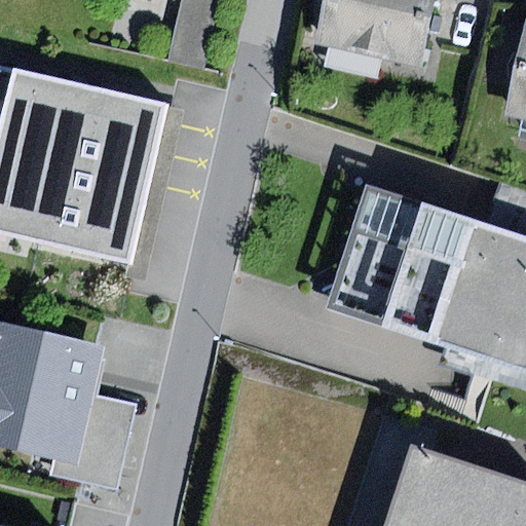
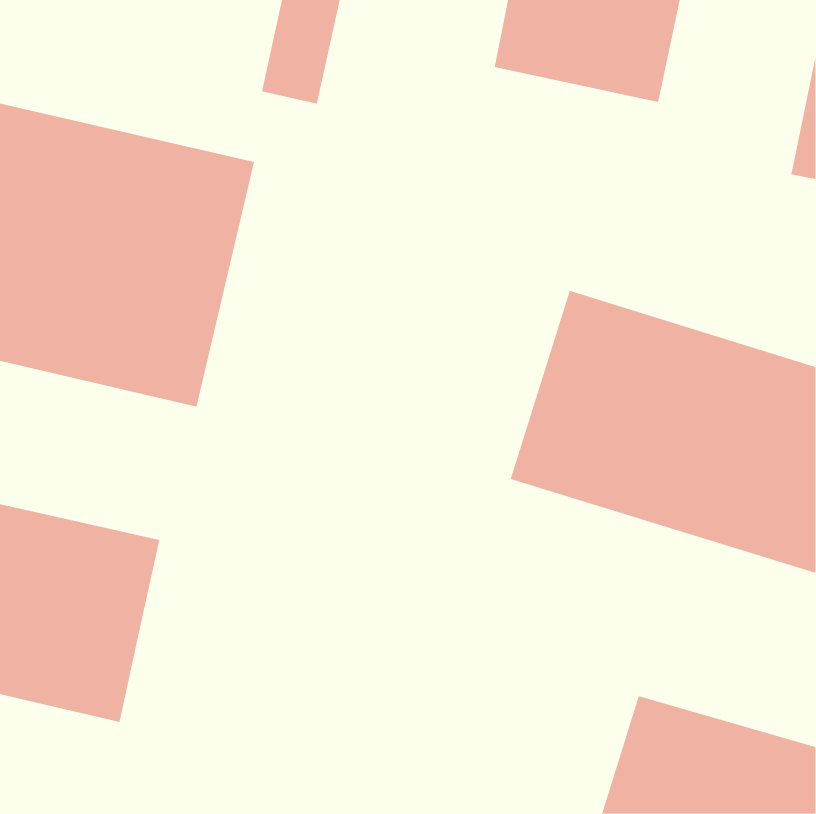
building: [73,392,137,490] -> none

